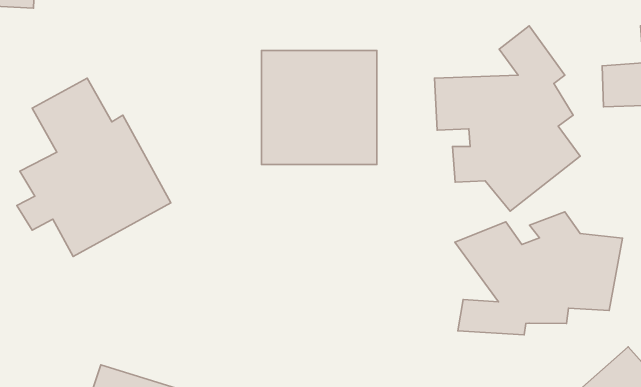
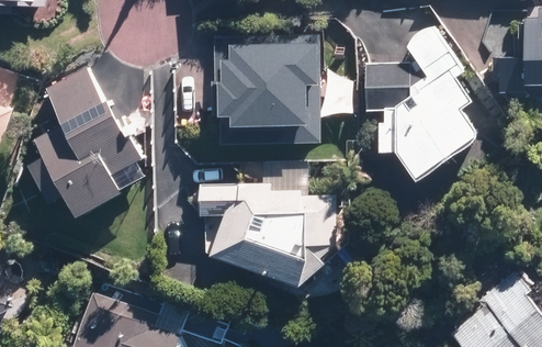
building: [455,212,622,335] -> none
building: none -> [205,181,339,284]

